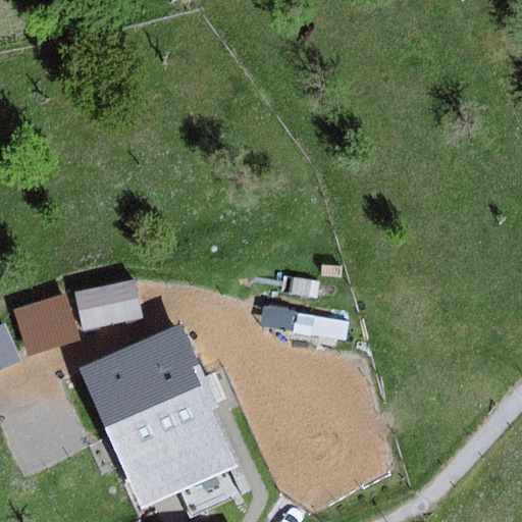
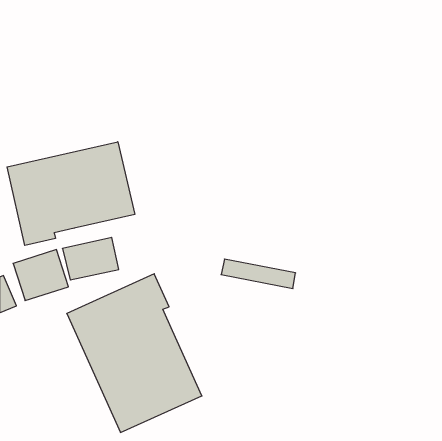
building: none -> [7,142,135,245]

